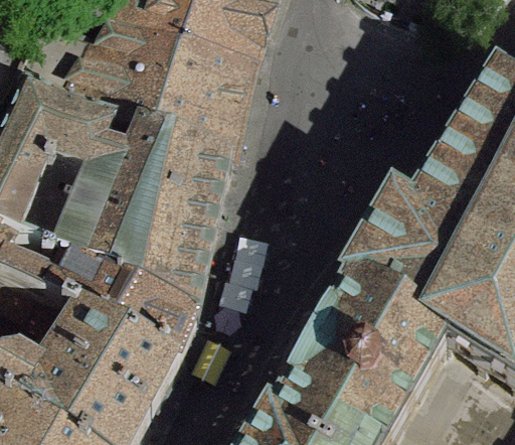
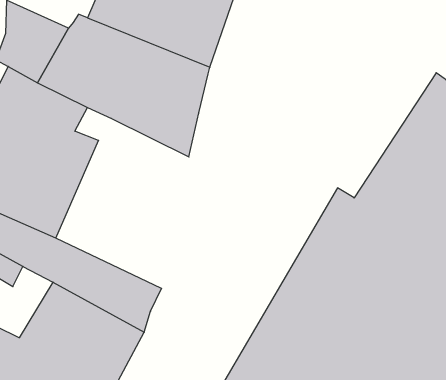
building: [68,146,215,333] -> none

